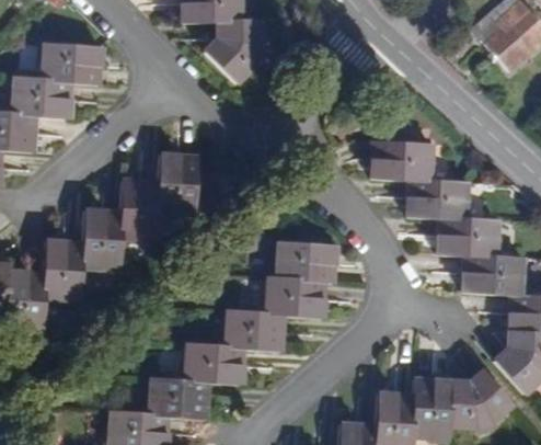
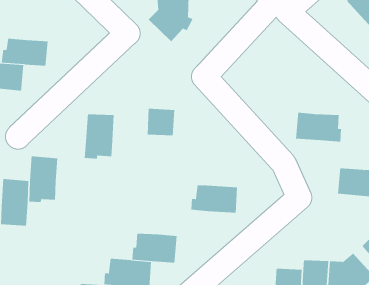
building: [38,42,100,82] -> none
building: [370,138,434,181] -> none
building: [158,156,195,219] -> none
building: [81,212,120,273] -> none
building: [437,217,499,256] -> none
building: [273,239,336,282] -> none
building: [220,310,286,347] -> none

